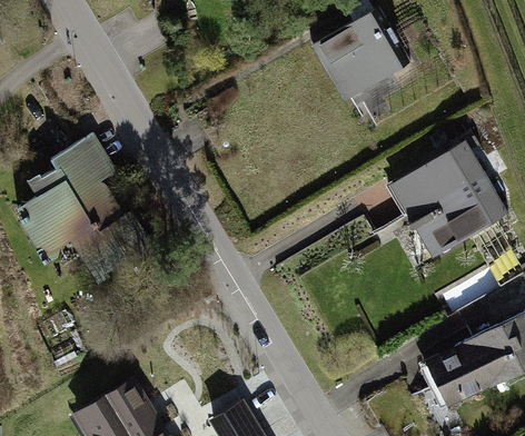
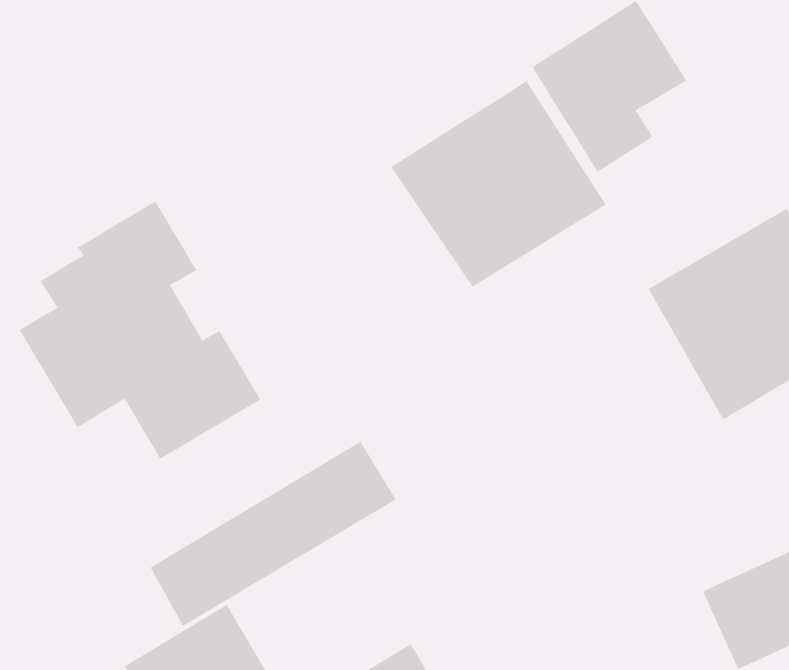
building: none -> [391,80,607,288]
building: none -> [150,441,396,627]

